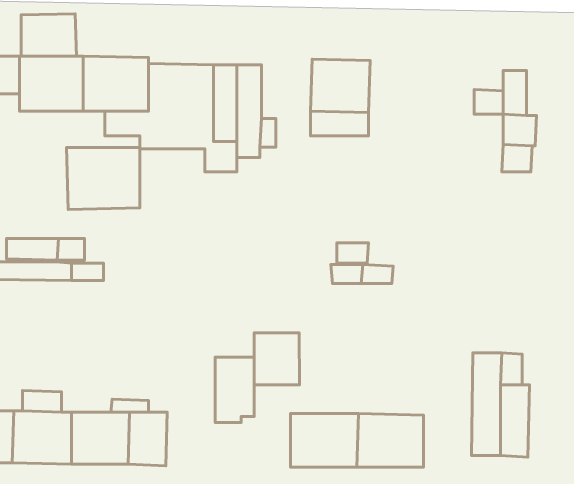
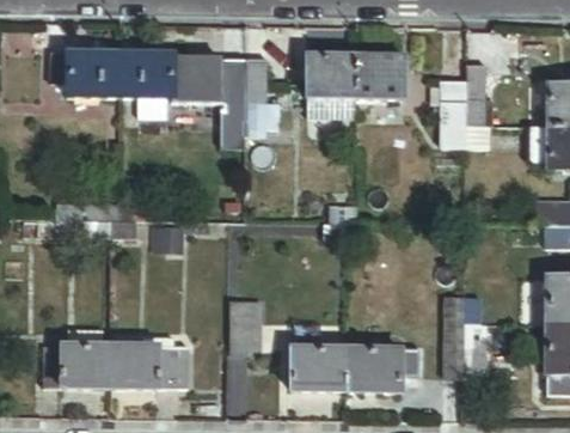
building: [21,14,76,56] -> none
building: none -> [355,54,405,97]
building: none -> [441,98,466,147]
building: [67,147,140,210] -> none
building: [254,333,299,385] -> none

